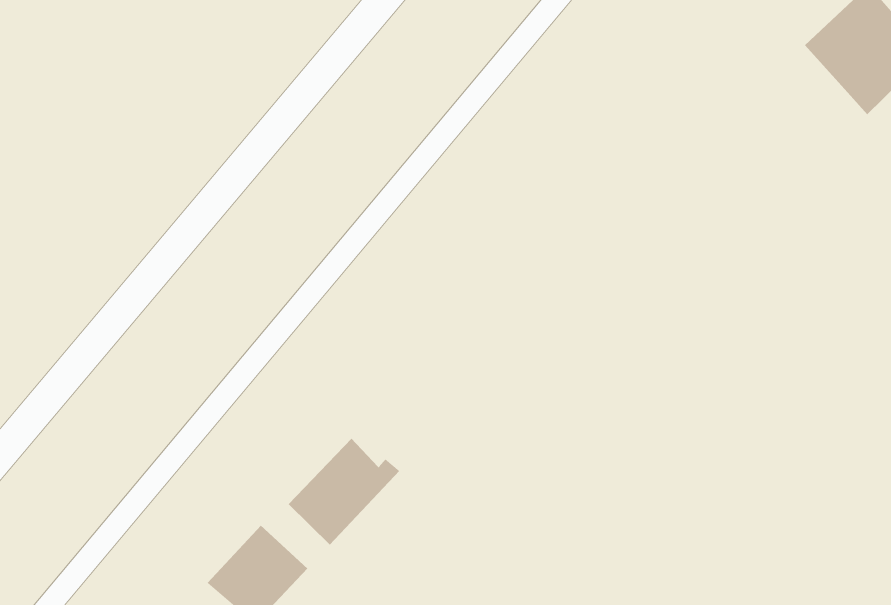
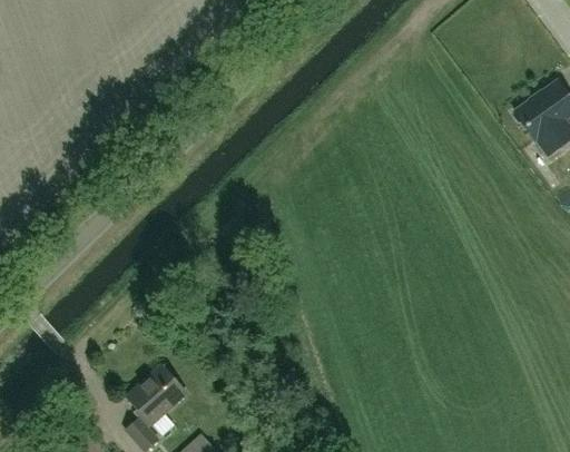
building: [288,438,400,545] -> none

